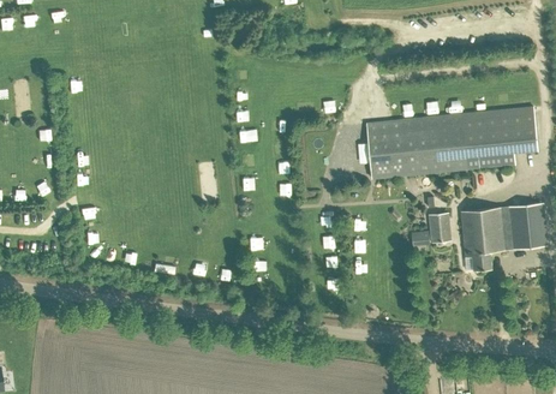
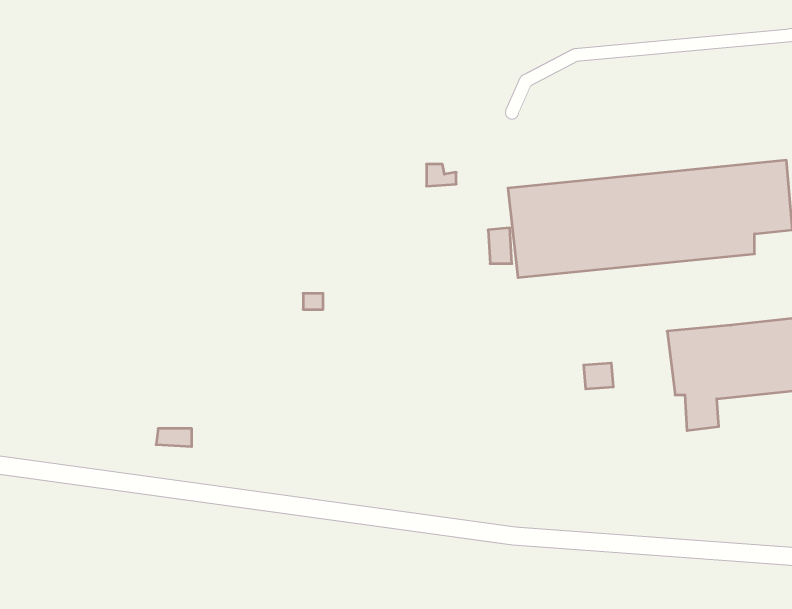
building: [426,210,449,241] -> none

